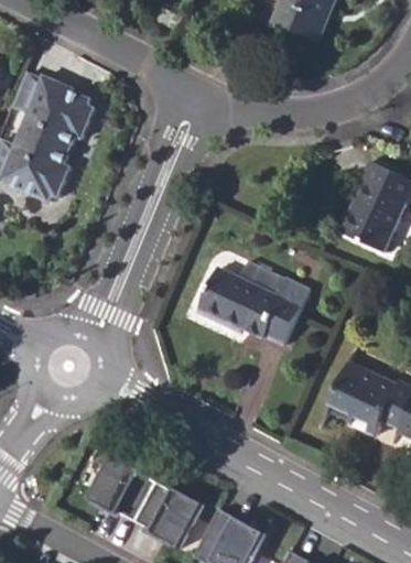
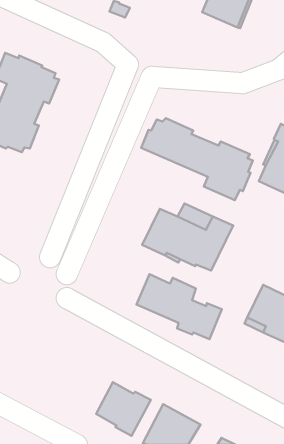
building: none -> [141,118,253,200]
building: none -> [136,274,222,339]
building: [90,455,159,522] -> none

